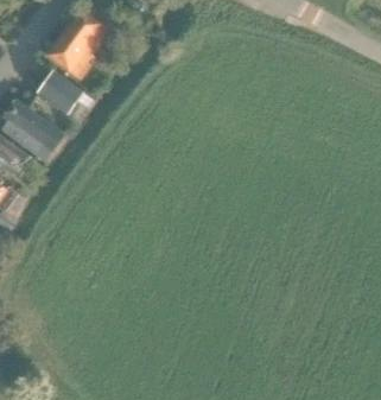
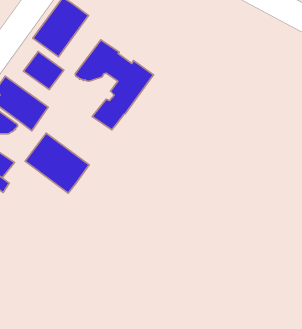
building: none -> [75,40,153,130]
building: none -> [25,133,89,193]

